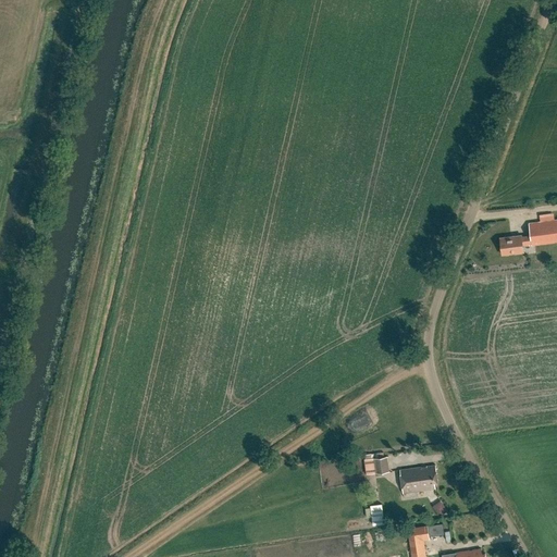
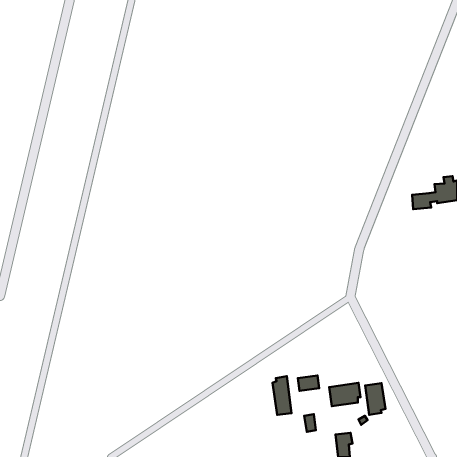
building: none -> [273,376,291,415]
building: none -> [365,383,385,415]

